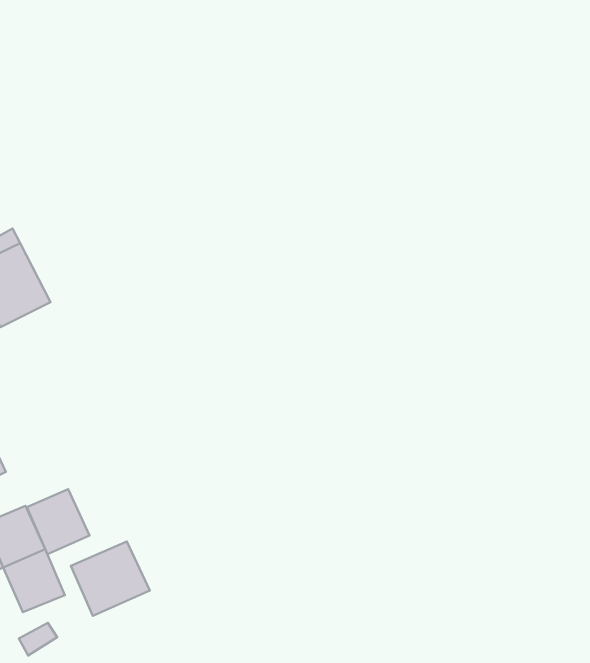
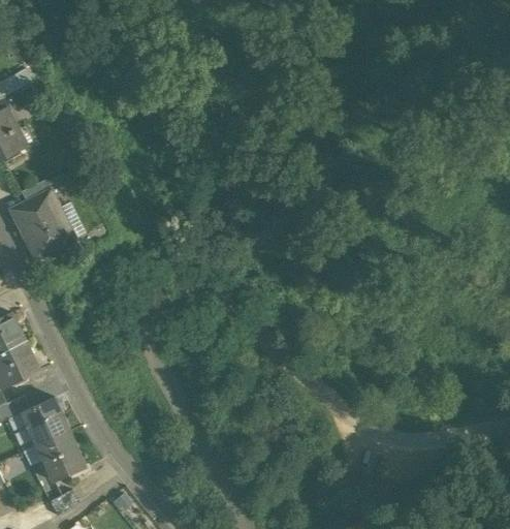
building: [27,489,90,554] -> none
building: [71,542,150,616] -> none

